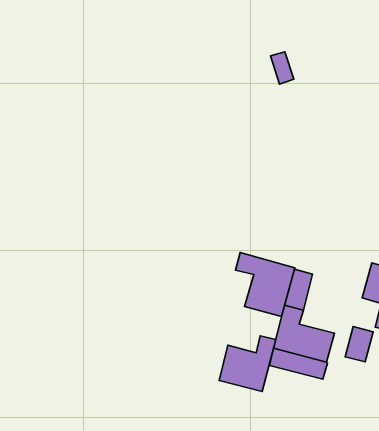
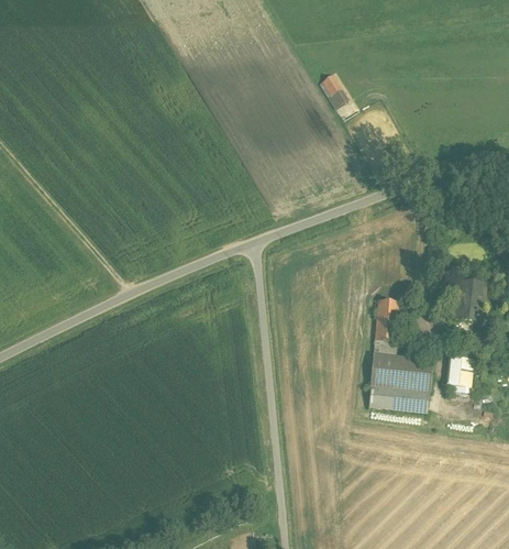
building: [236,252,295,317] -> none
building: [219,336,276,392] -> none

